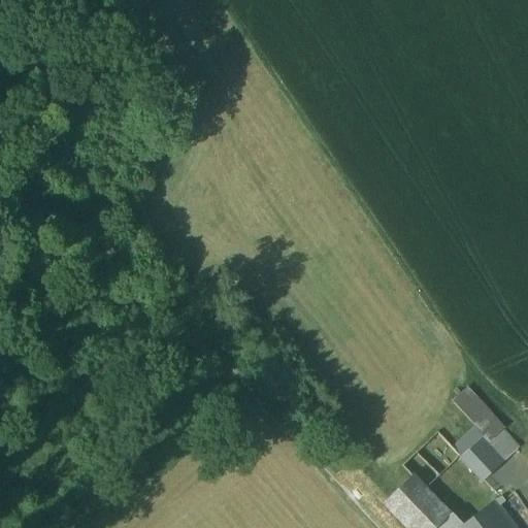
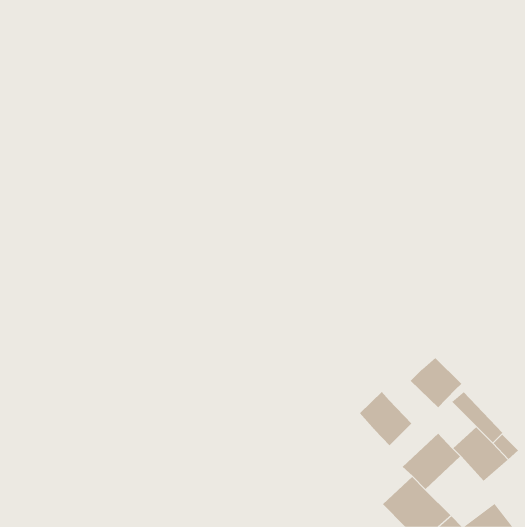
building: none -> [410,357,462,408]
building: none -> [359,391,412,446]

